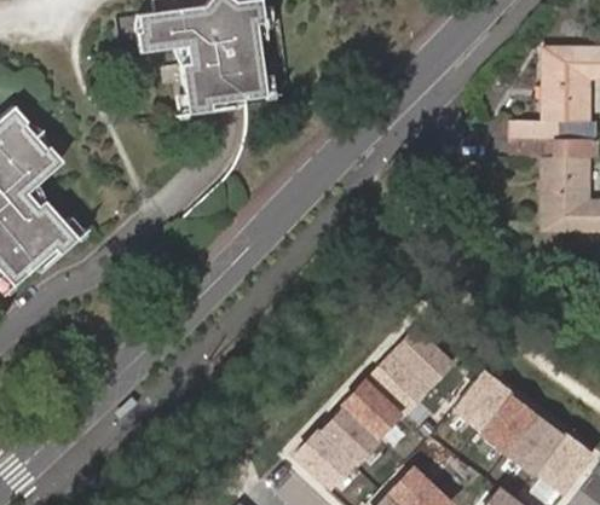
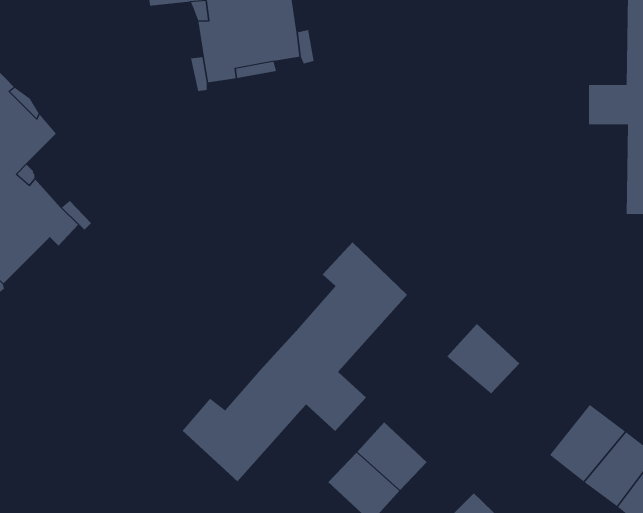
building: none -> [182,241,408,482]
building: [369,349,428,405] -> none
building: [448,367,510,431] -> none
building: [339,379,400,437] -> none

